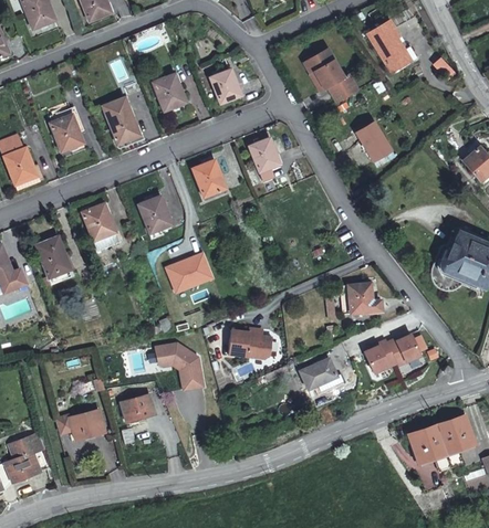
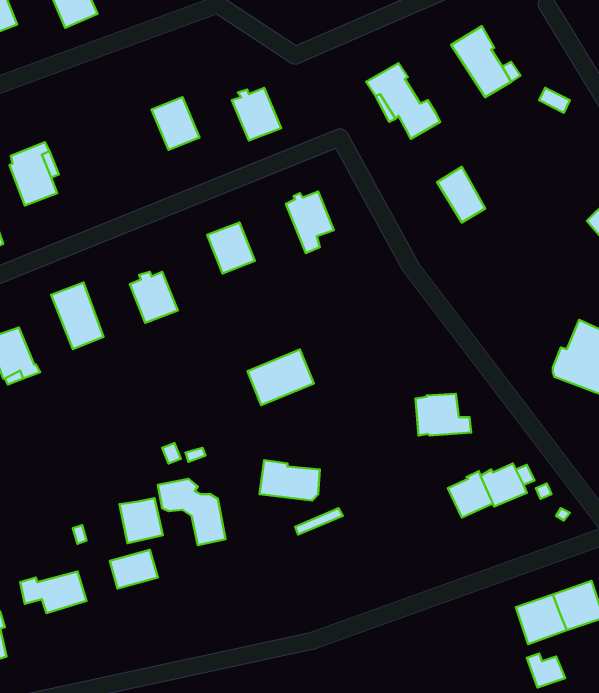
building: [102,94,144,146] -> none
building: [165,251,212,291] -> [247,349,314,405]
building: [296,351,340,393] -> none
building: none -> [120,498,163,543]

